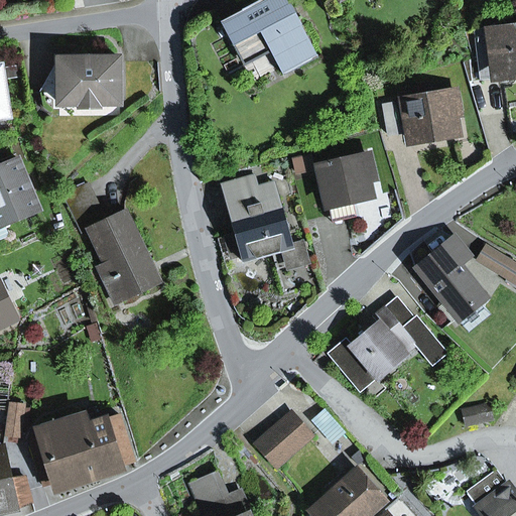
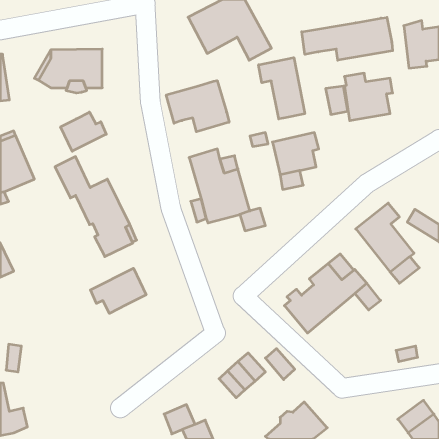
building: none -> [302,17,393,60]
building: none -> [259,58,305,119]
building: none -> [166,81,229,132]
building: none -> [61,112,106,151]
building: none -> [90,268,146,313]
building: [30,414,134,487] -> none

